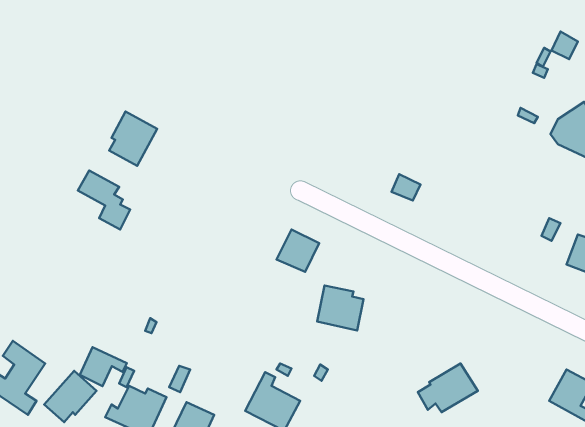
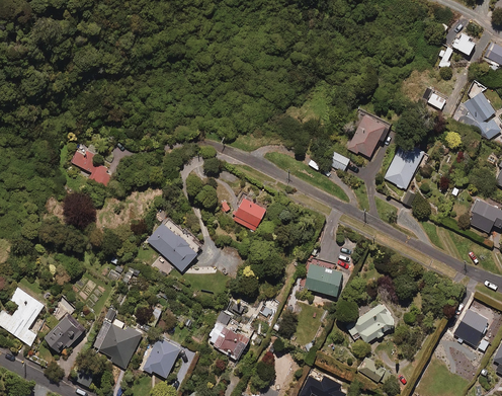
building: [109,112,157,166] -> none
building: none -> [345,110,388,156]
building: none -> [384,140,422,188]
building: none -> [146,219,200,270]
building: [317,285,363,330] -> [303,259,340,296]
building: [80,347,127,386] -> none

